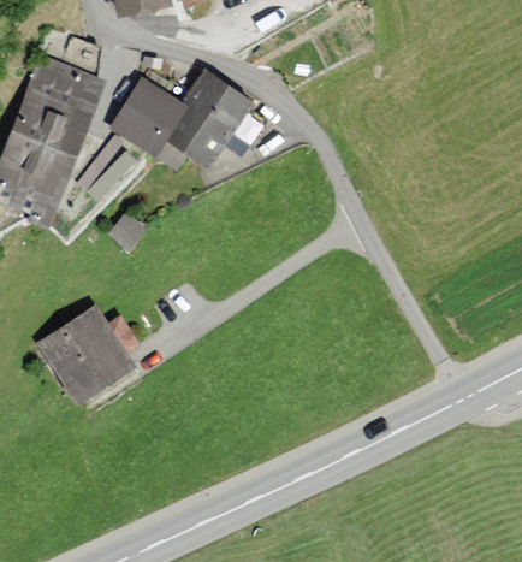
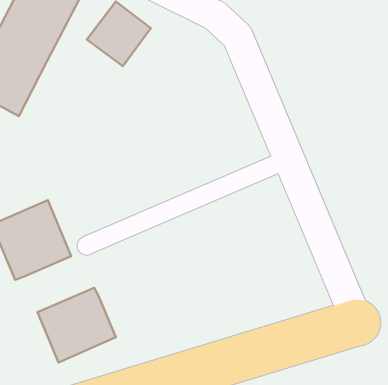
building: [170,72,250,162] -> none
building: none -> [37,288,116,362]

